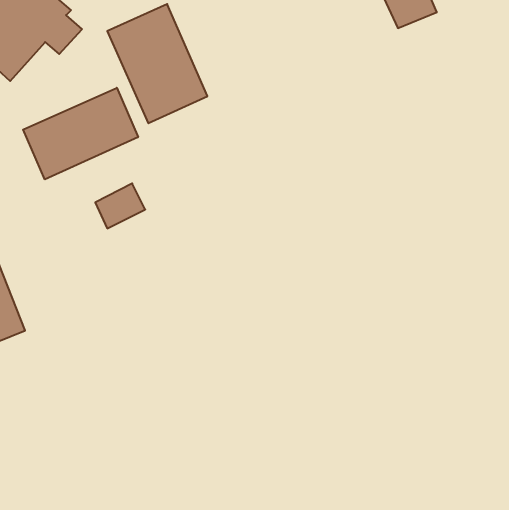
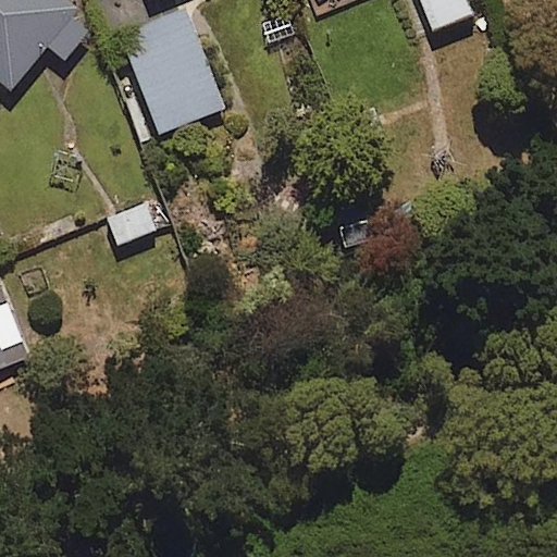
building: [23,88,138,179] -> none

